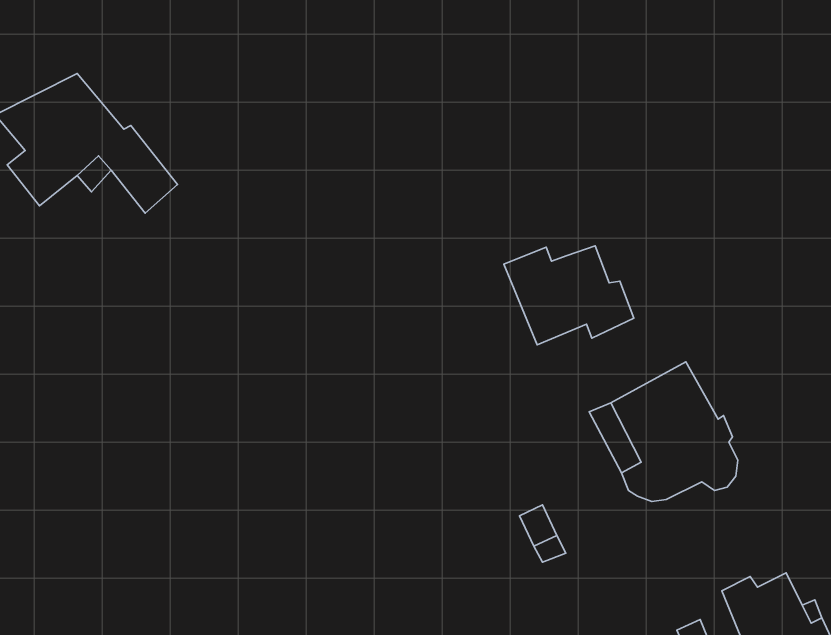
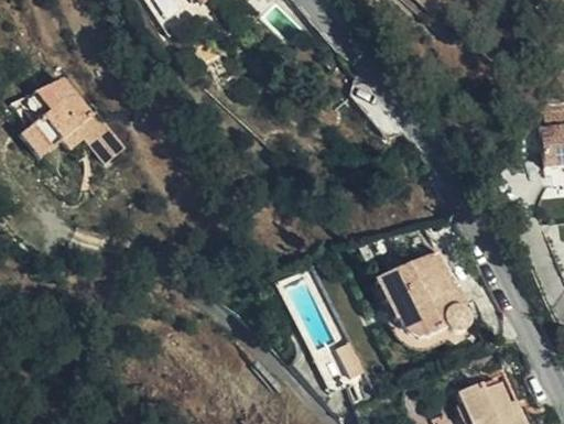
building: [504,246,634,345] -> none

